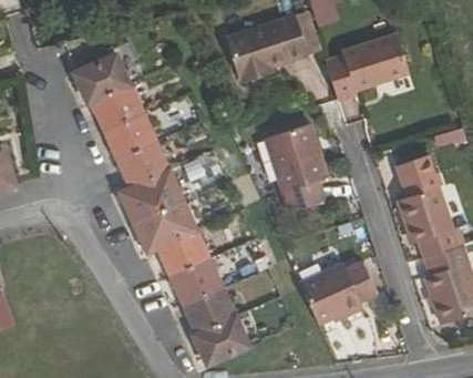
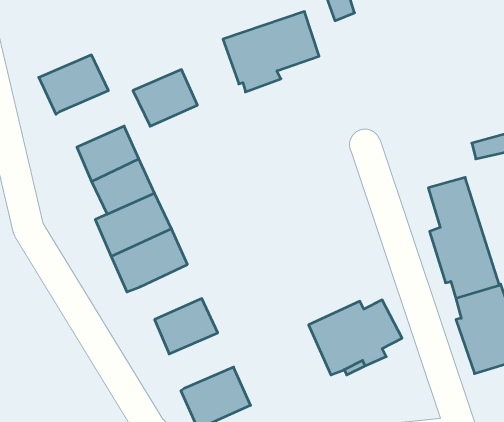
building: [325,34,408,99] -> none
building: [89,83,143,131] -> [133,70,197,126]
building: [270,124,329,191] -> none
building: [156,229,208,276] -> none
building: [181,287,235,334] -> none

